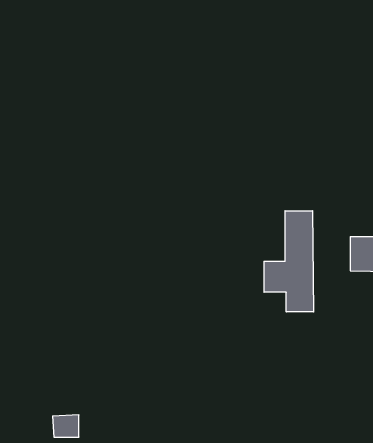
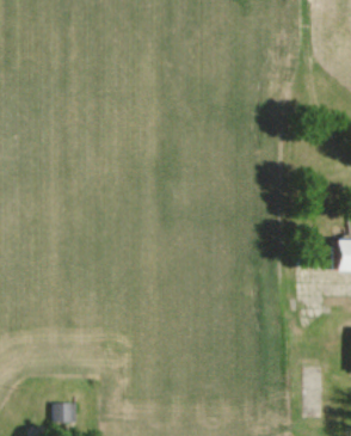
building: [264,211,314,312] -> none

